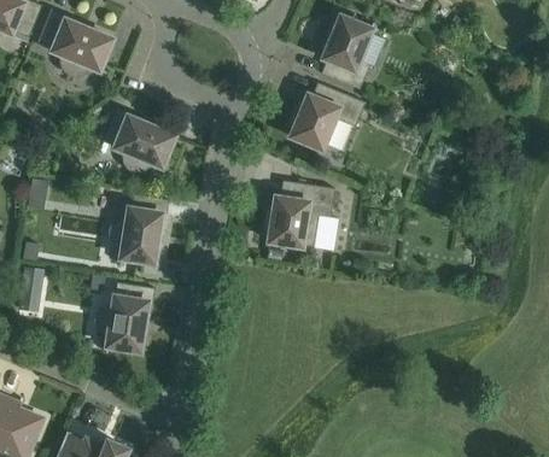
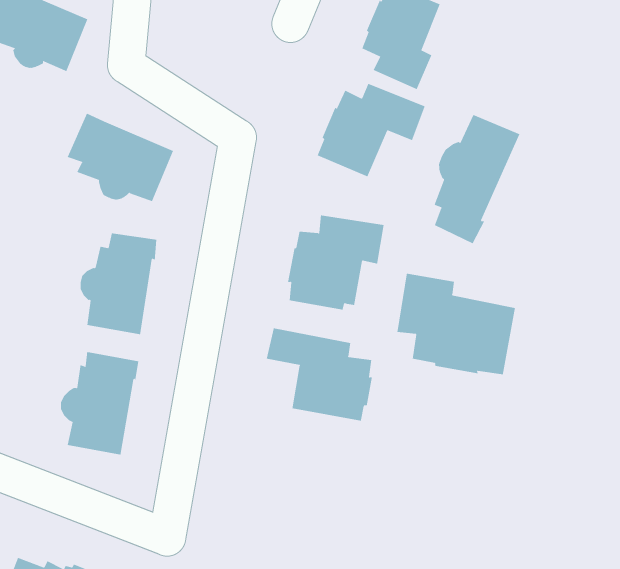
building: none -> [434,114,520,244]
building: none -> [397,273,515,375]
building: none -> [266,327,372,422]

